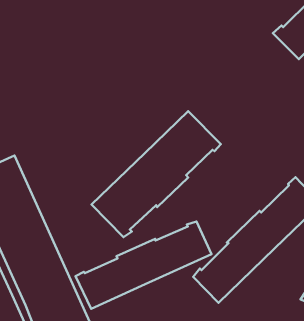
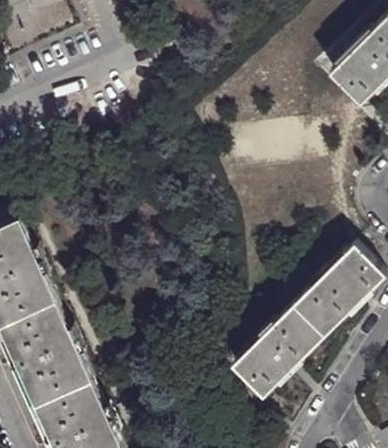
building: [92,111,221,237] -> none
building: [75,222,211,309] -> none

